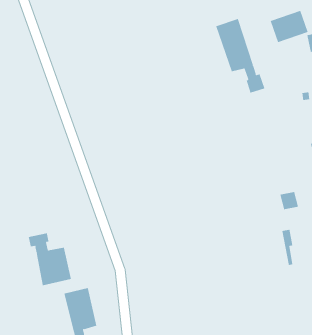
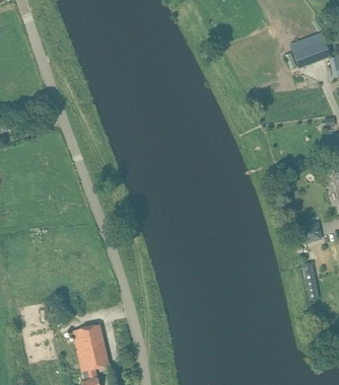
building: [216,18,265,94] -> none
building: [28,233,72,286] -> none

